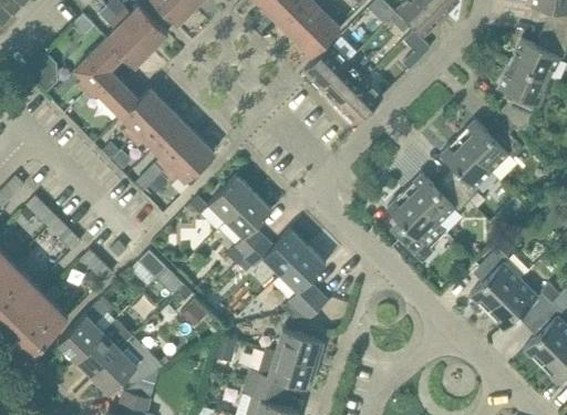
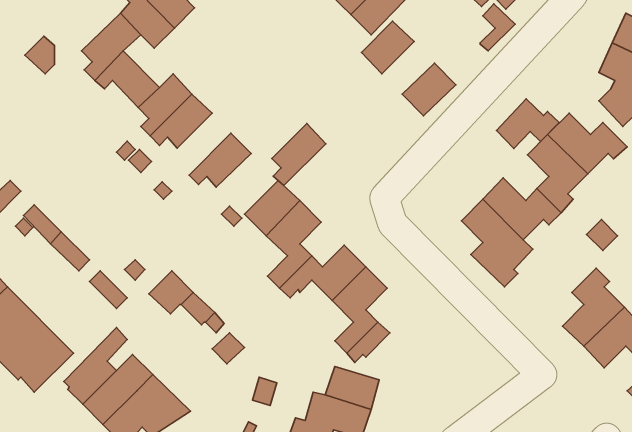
building: [321,62,364,105] -> none
building: none -> [497,99,559,148]
building: [153,121,197,172] -> [272,124,326,186]

